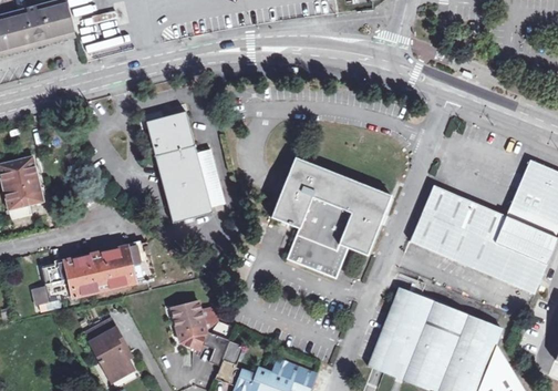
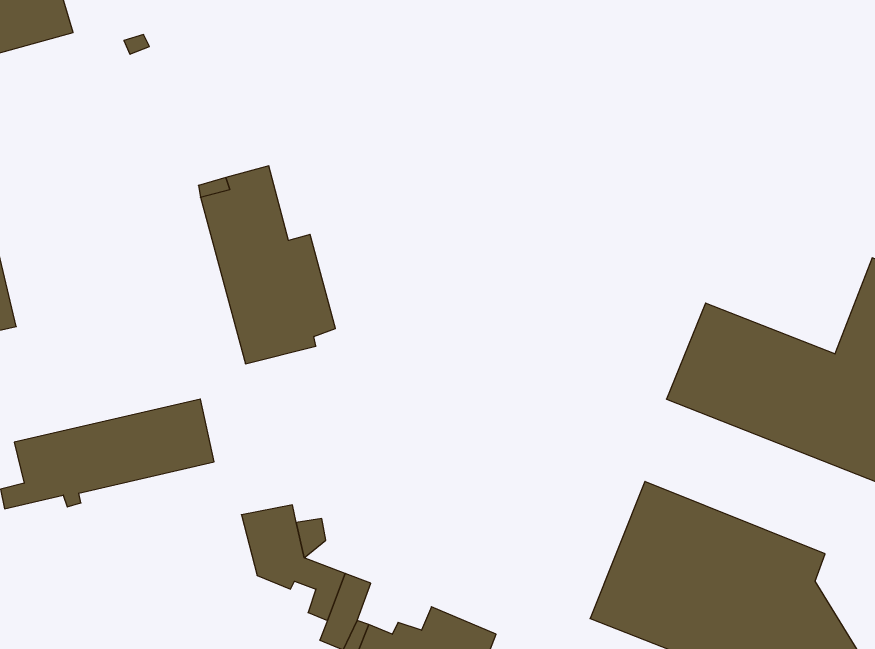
building: [271,155,391,276] -> none
building: [86,316,133,378] -> none

